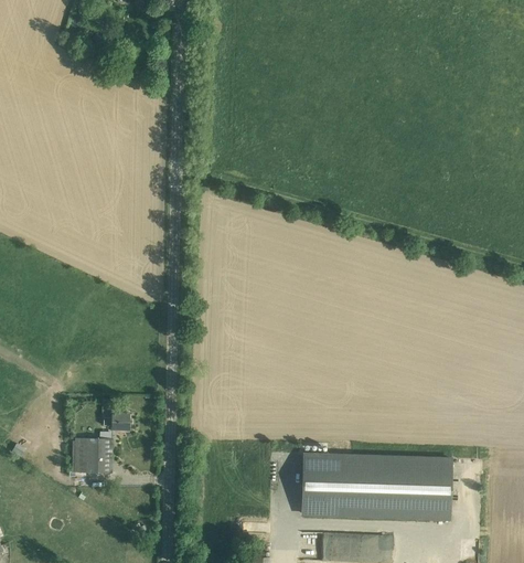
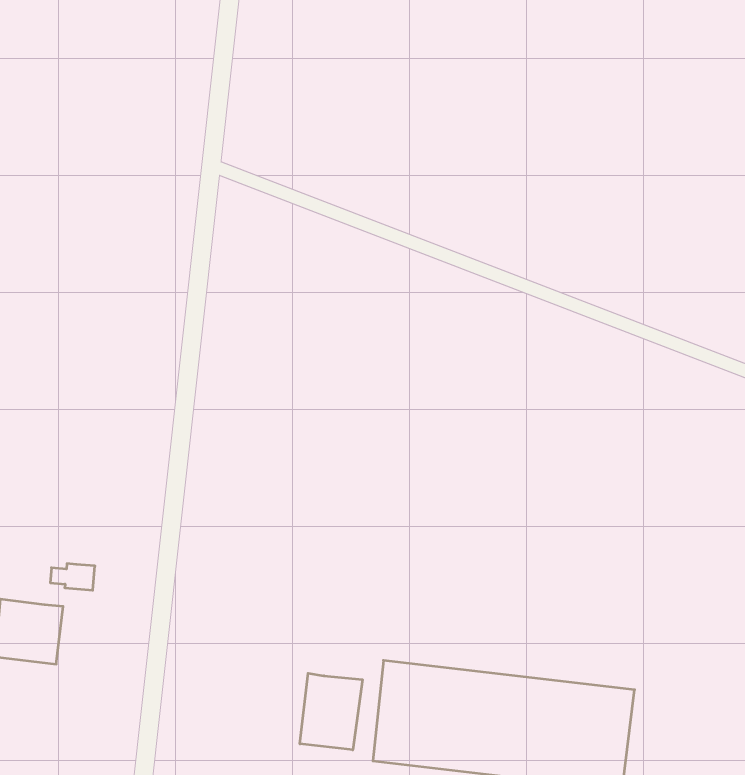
building: none -> [300,673,362,750]

